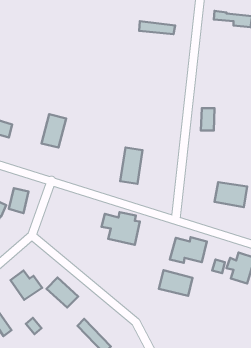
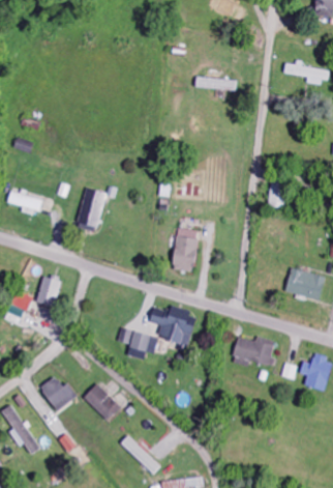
building: none -> [123,329,158,360]
building: [159,270,192,296] -> none

